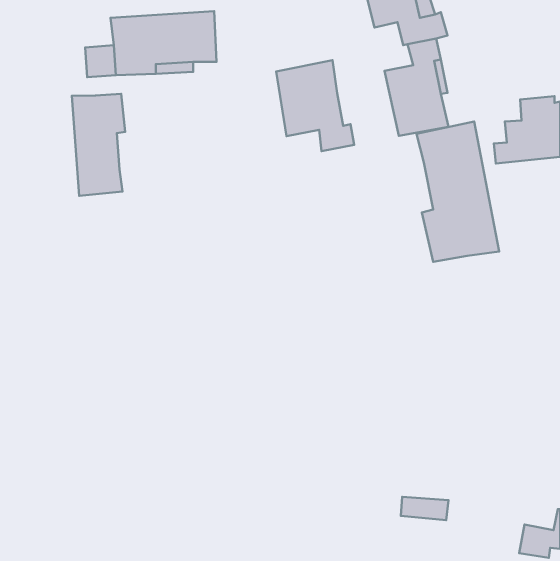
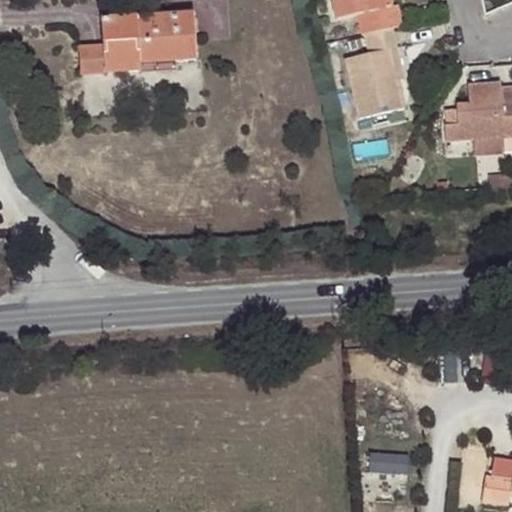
building: [276,60,354,151] -> none
building: [72,94,125,196] -> none
building: [417,121,499,262] -> none

